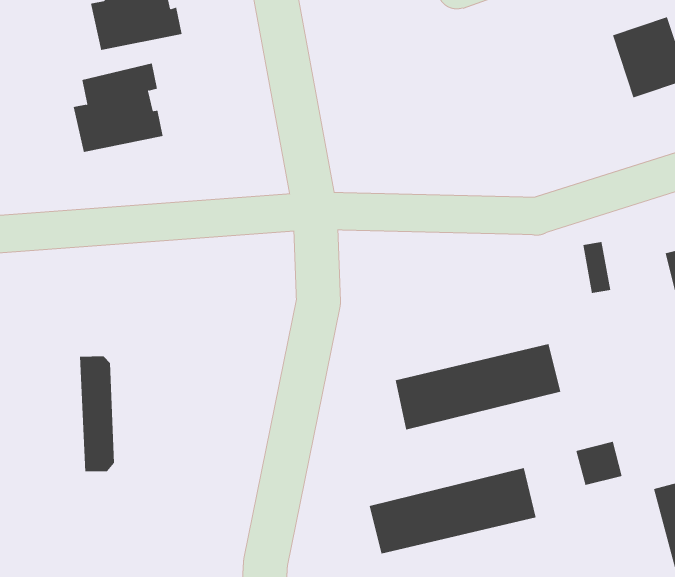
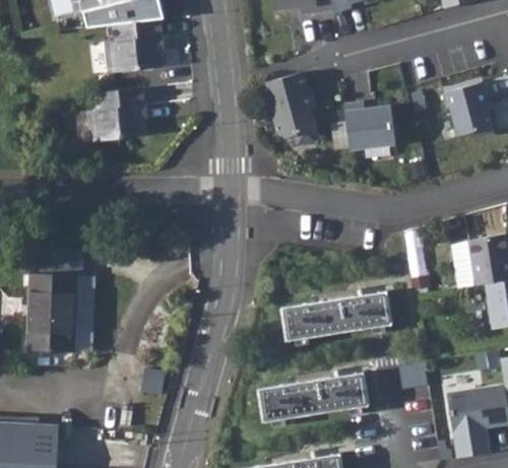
building: none -> [265,75,320,141]
building: none -> [345,108,394,149]
building: none -> [29,273,75,350]

